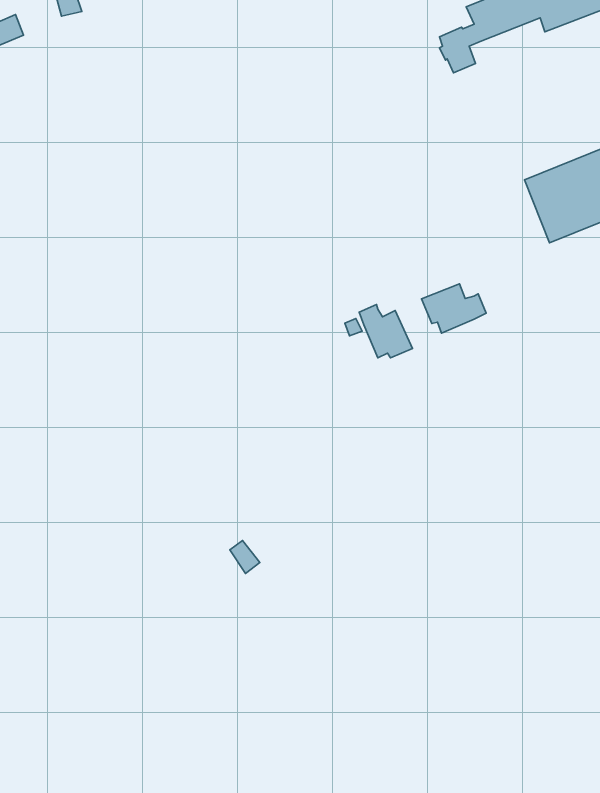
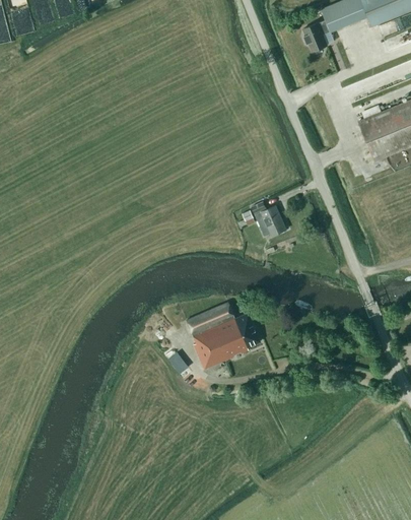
building: [421,284,486,333] -> none
building: none -> [187,304,260,369]

